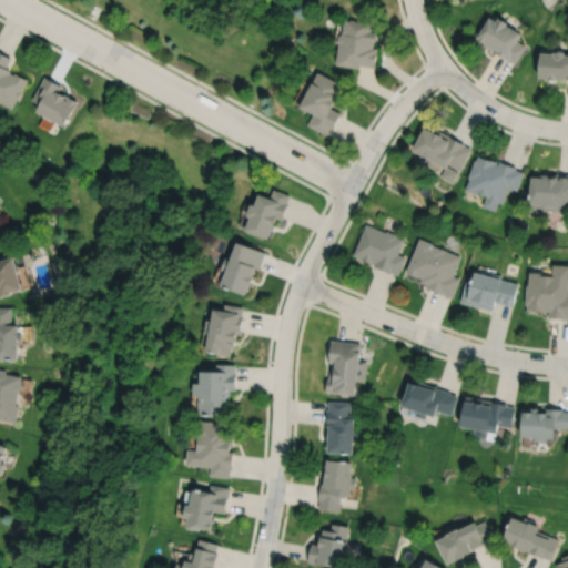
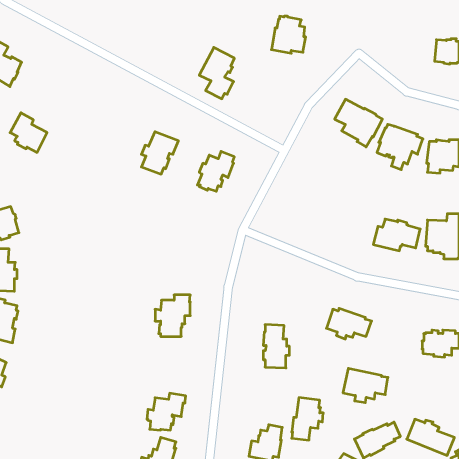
building: [473,19,523,64] -> none
building: [297,71,341,134] -> [199,47,234,99]
building: [30,77,75,125] -> [10,113,47,152]
building: [352,224,404,276] -> none
building: [404,239,459,298] -> none
building: [219,242,264,294] -> [141,132,178,174]
building: [202,304,243,356] -> none
building: [324,341,366,396] -> none
building: [458,396,514,438] -> [343,368,388,403]
building: [184,420,233,478] -> none
building: [316,460,355,513] -> [292,398,323,440]

